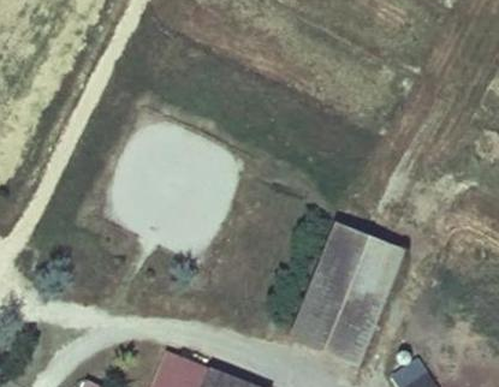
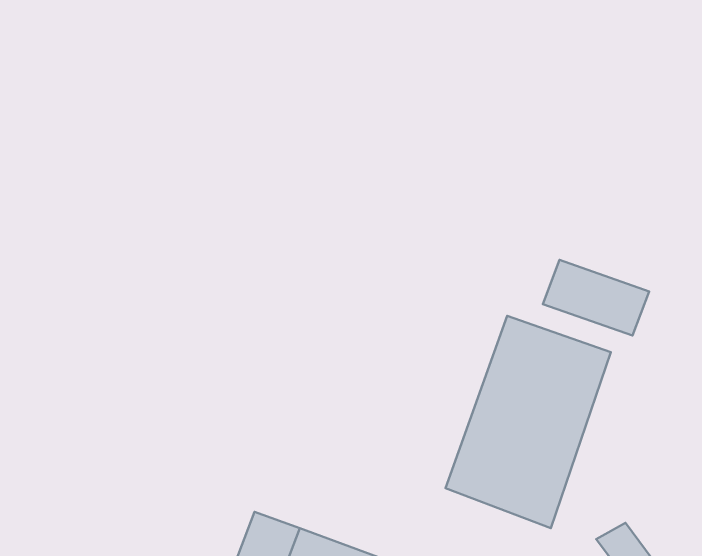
building: none -> [543,260,649,336]

